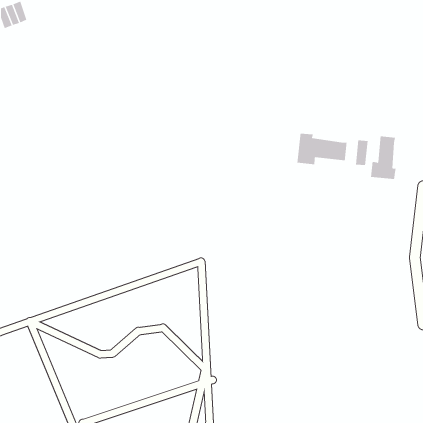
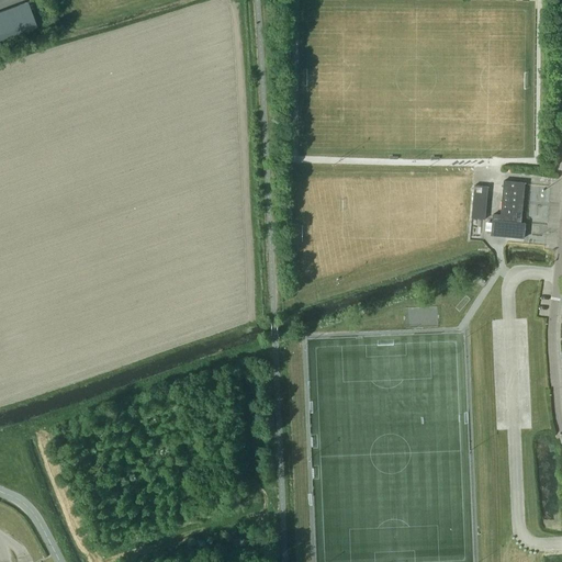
building: [297,133,347,165] -> none

